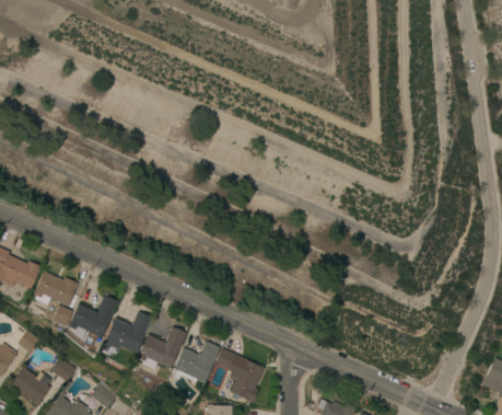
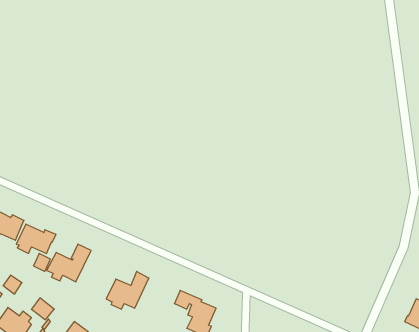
building: [101,311,153,354] -> none
building: [171,342,219,383] -> none

